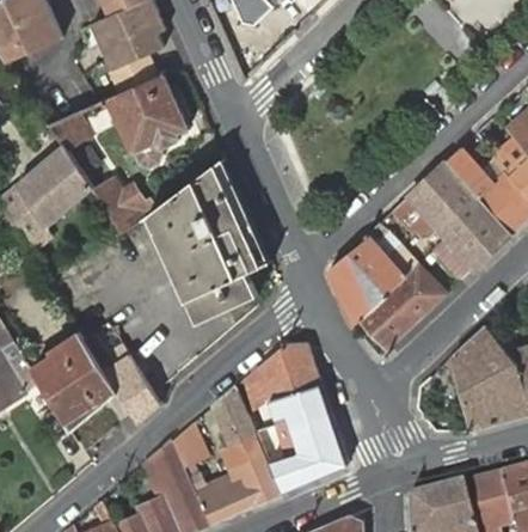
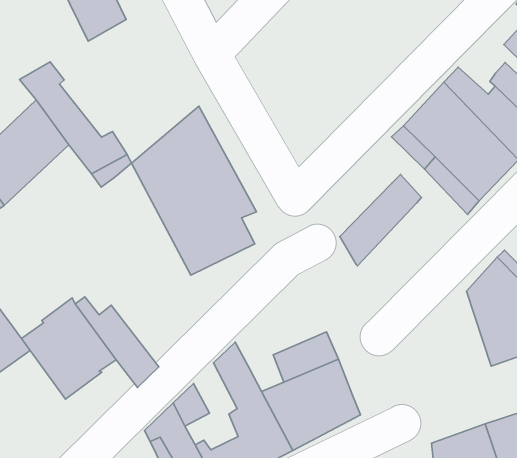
building: [97,74,189,167] -> none
building: [327,219,391,295] -> none
building: [352,269,438,349] -> none
building: [241,343,319,411] -> none

